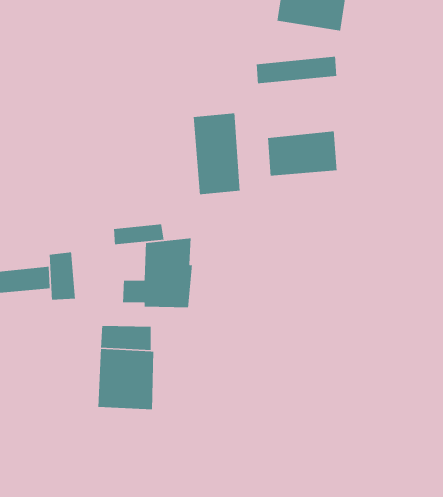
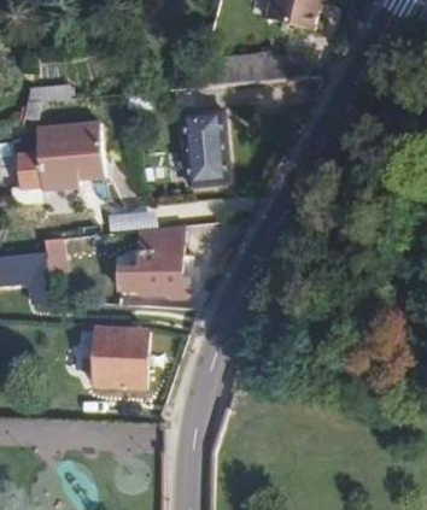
building: [267,131,337,176] -> none
building: none -> [19,125,103,186]

